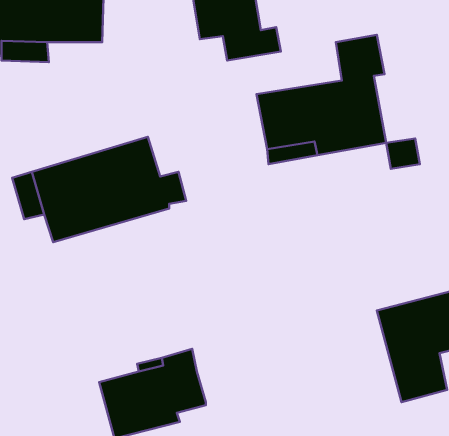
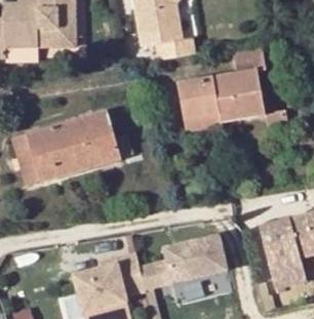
building: none -> [139,235,226,289]

